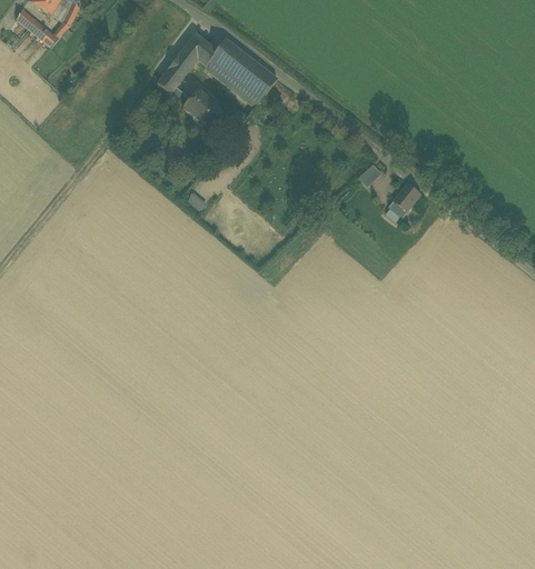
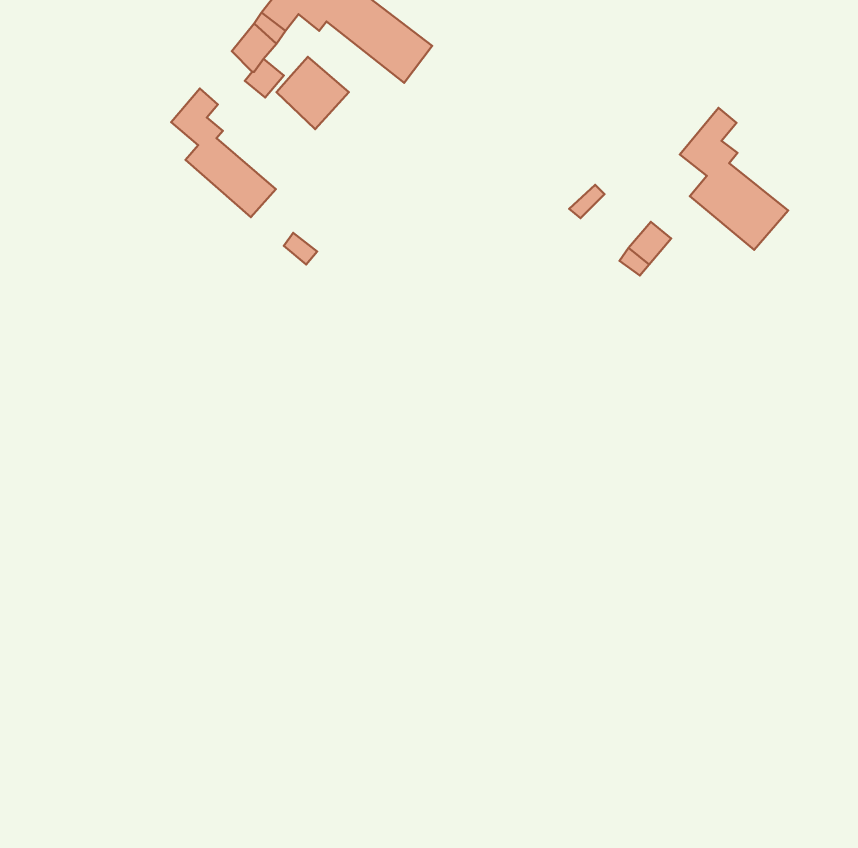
building: none -> [171,89,276,217]
building: none -> [680,108,788,250]

